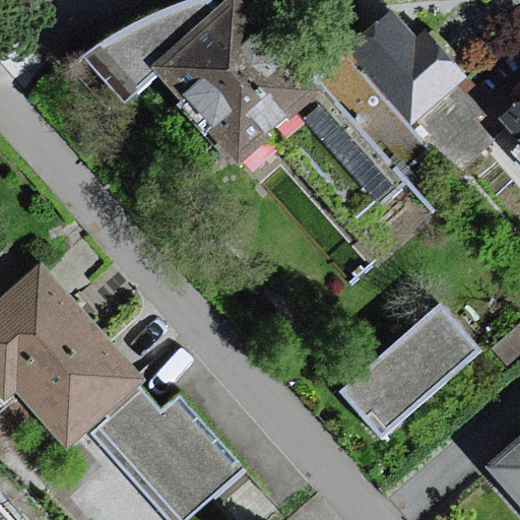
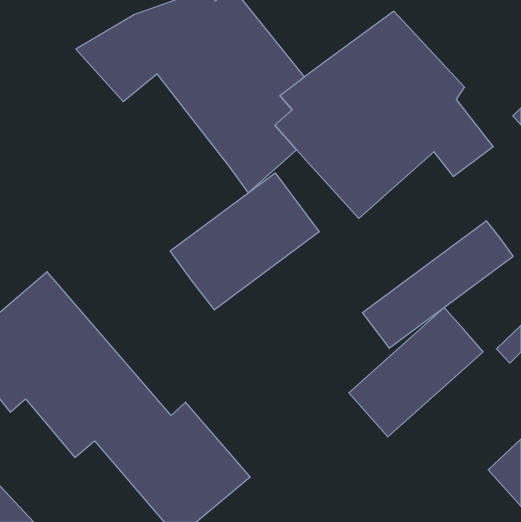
building: none -> [170,173,319,310]
building: none -> [363,221,513,348]

